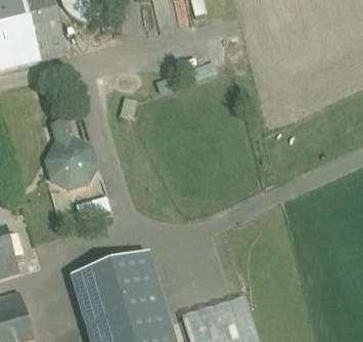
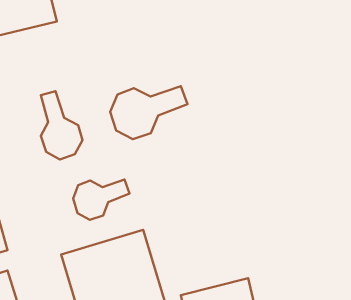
building: none -> [110,86,188,139]
building: none -> [73,180,130,220]

